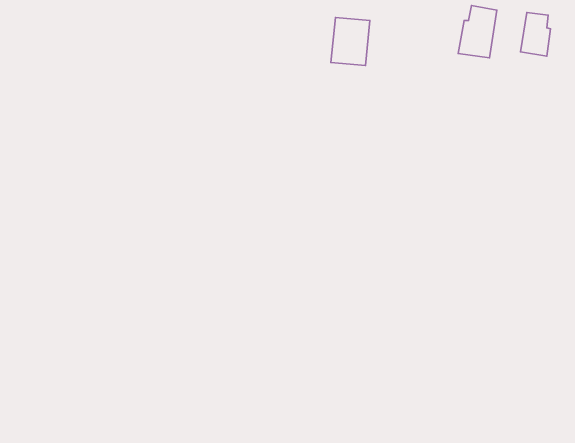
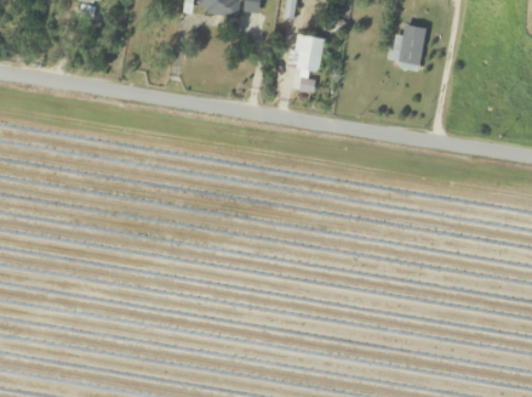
building: [521,12,551,56] -> none

